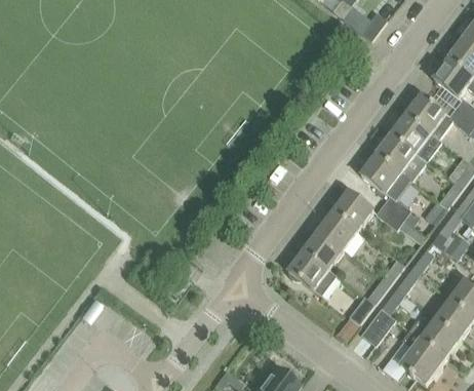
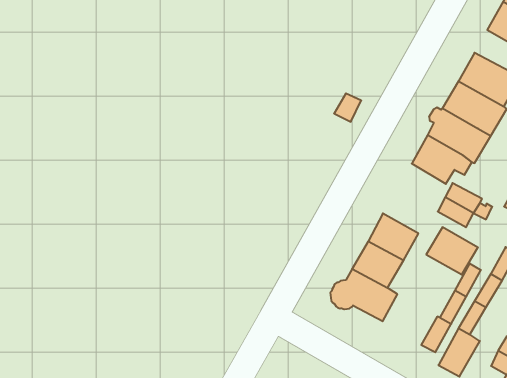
building: [333,191,374,230] -> [426,227,478,275]

